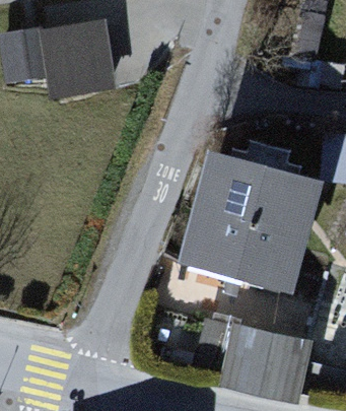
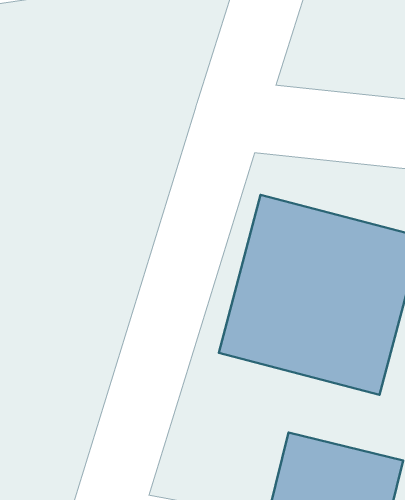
building: [47,18,112,75] -> none

